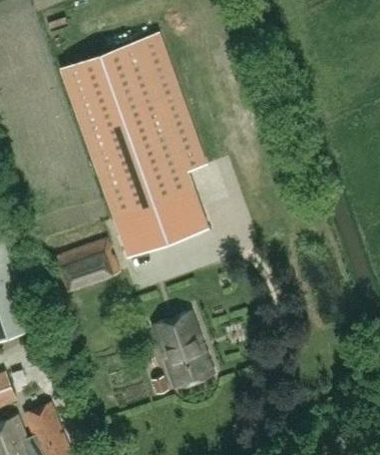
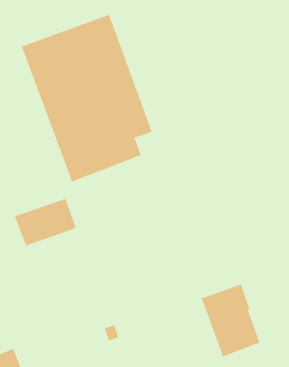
building: [115,189,208,256] -> none
building: [149,309,216,391] -> [201,283,261,357]

